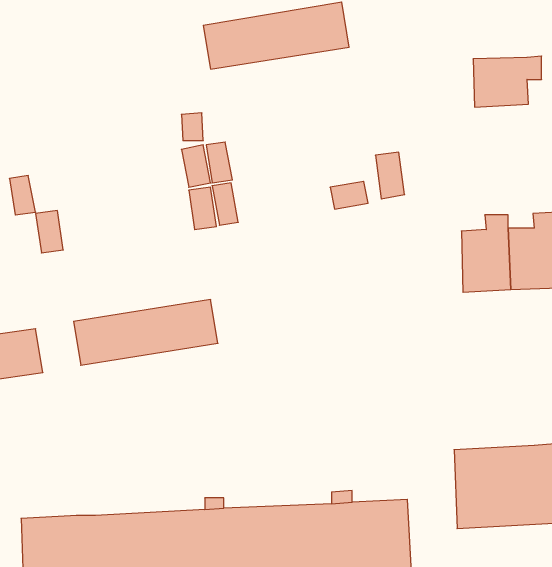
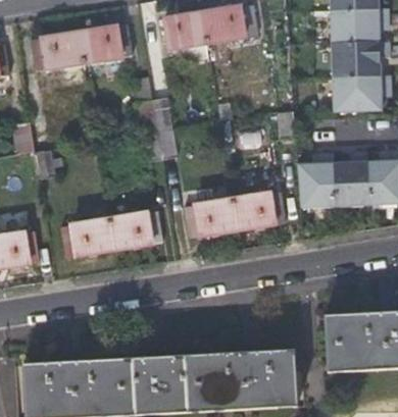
building: none -> [338,7,386,43]
building: none -> [28,23,129,70]
building: none -> [340,74,388,111]
building: none -> [293,153,332,207]
building: none -> [180,192,283,238]

